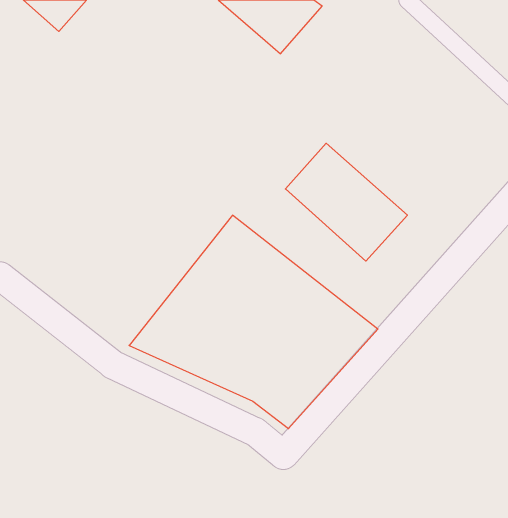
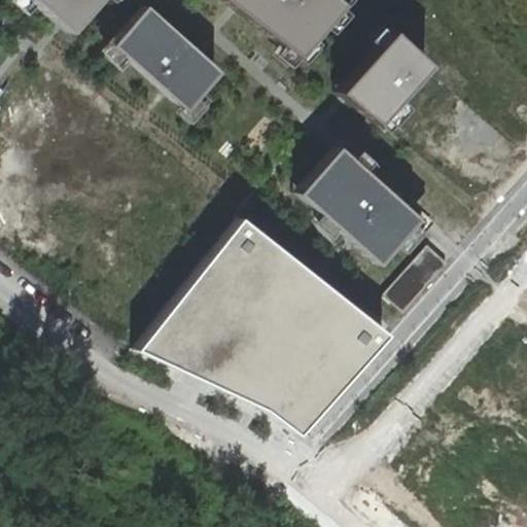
building: none -> [114,6,224,111]
building: none -> [337,30,430,124]

